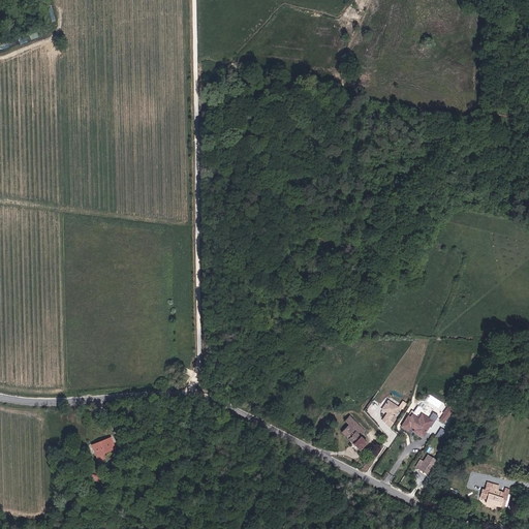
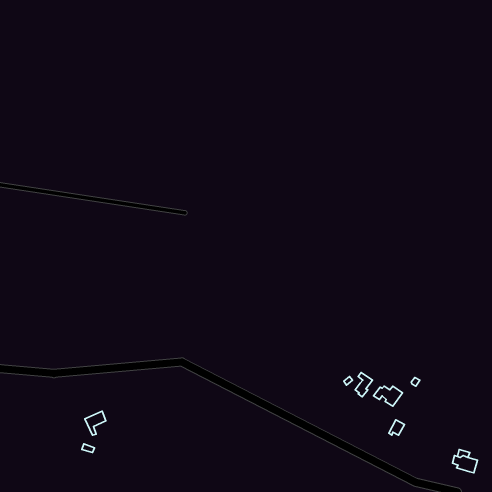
building: [340,415,366,449] -> none

